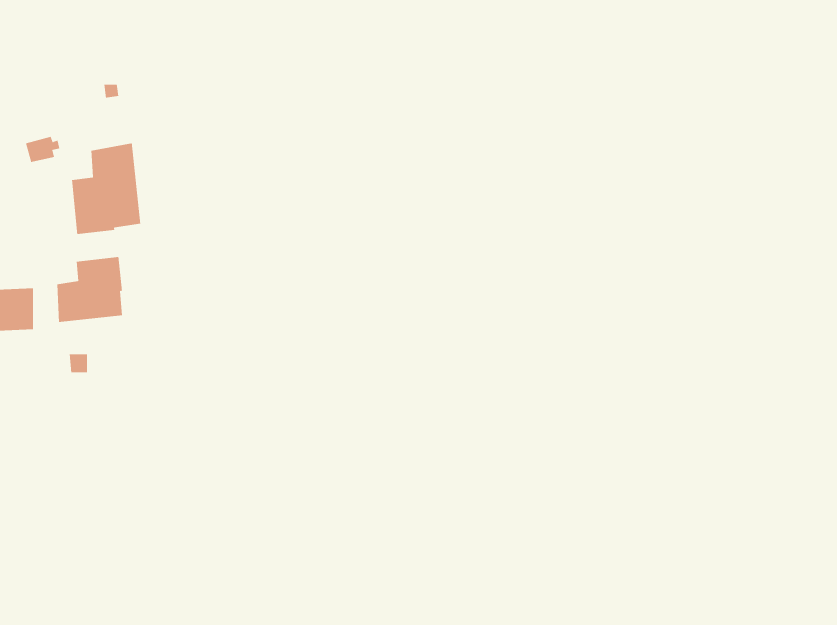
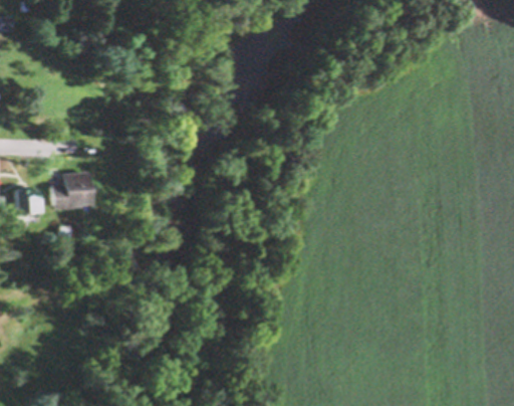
building: [72,143,141,235] -> none

